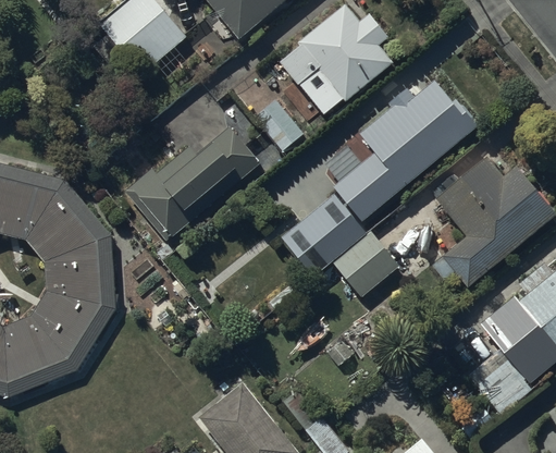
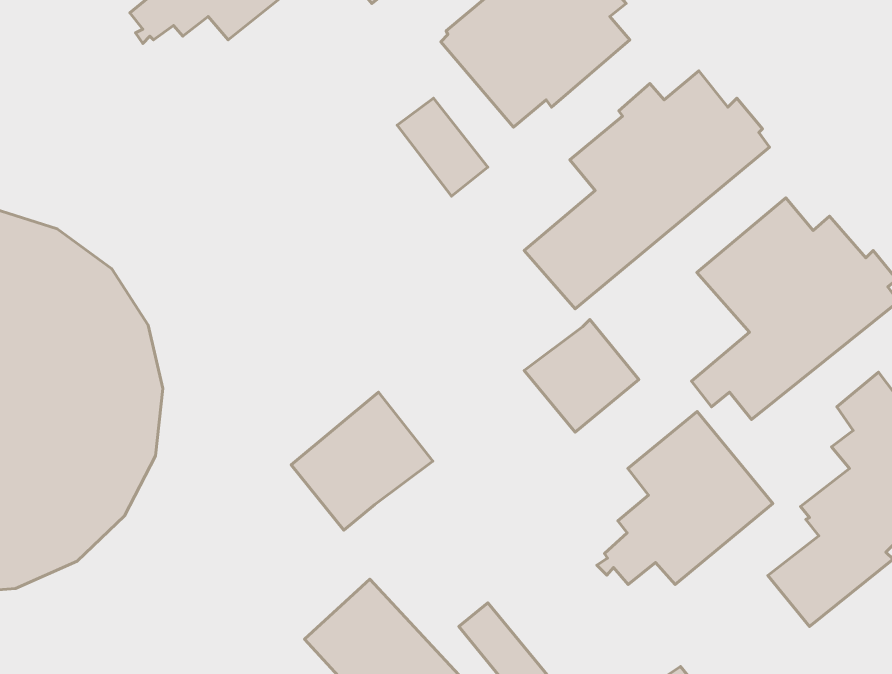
building: [124,124,259,236] -> none
building: [280,192,365,274] -> [291,392,433,530]
building: none -> [597,411,773,585]

